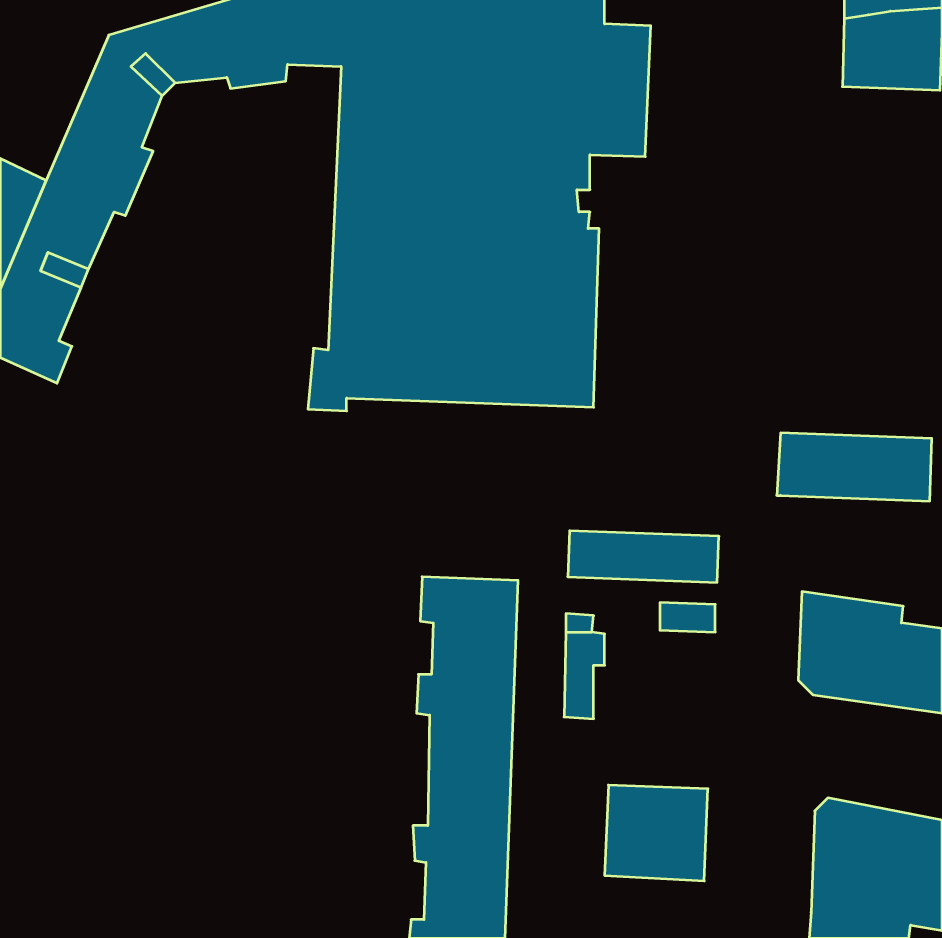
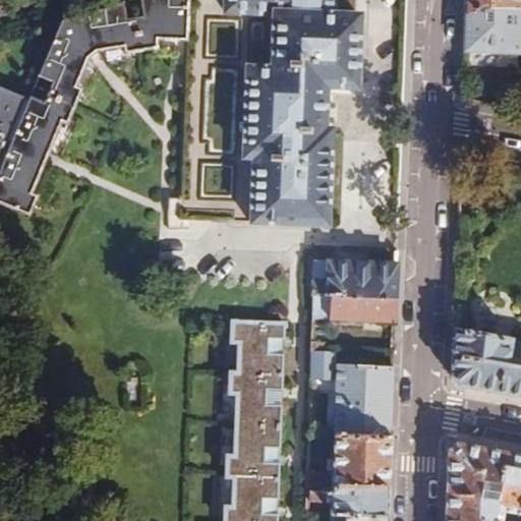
building: [777,433,932,501] -> [312,258,398,296]
building: none -> [336,363,394,436]
building: none -> [308,483,389,514]

